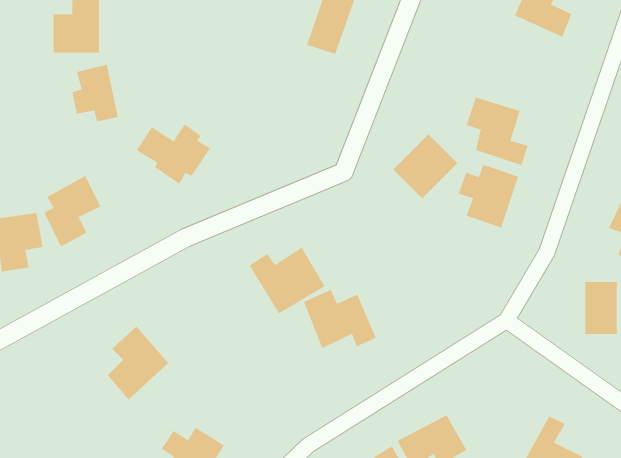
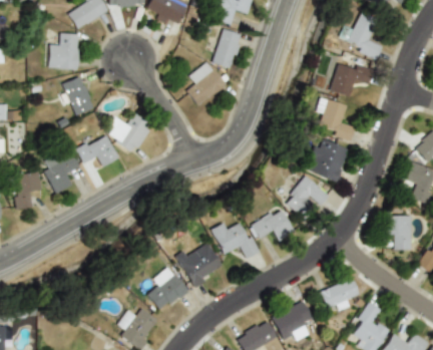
building: none -> [186,60,228,107]
building: none -> [325,61,360,97]
building: [392,133,458,199] -> [285,177,327,219]
building: none -> [76,134,120,167]
building: [249,247,325,314] -> [174,244,224,287]
building: none -> [251,207,295,242]
building: [107,325,169,401] -> [148,265,188,313]
building: none -> [319,277,359,309]

